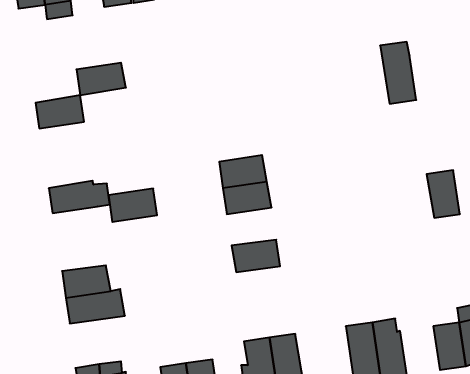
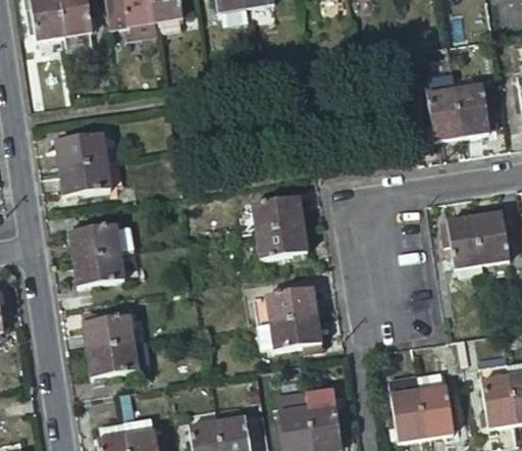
building: none -> [456,85,490,137]
building: [76,63,126,95] -> [59,160,112,195]
building: none -> [447,216,483,278]
building: [108,189,157,222] -> [73,251,125,287]
building: none -> [270,315,322,349]

